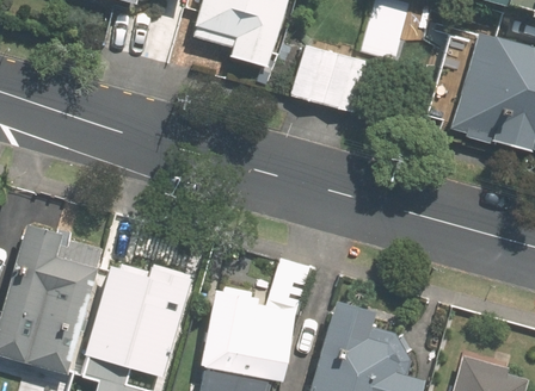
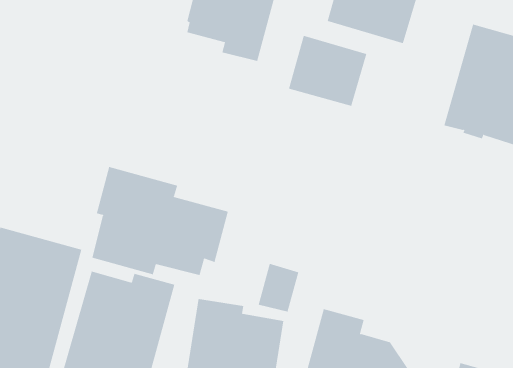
building: none -> [92,166,228,276]

